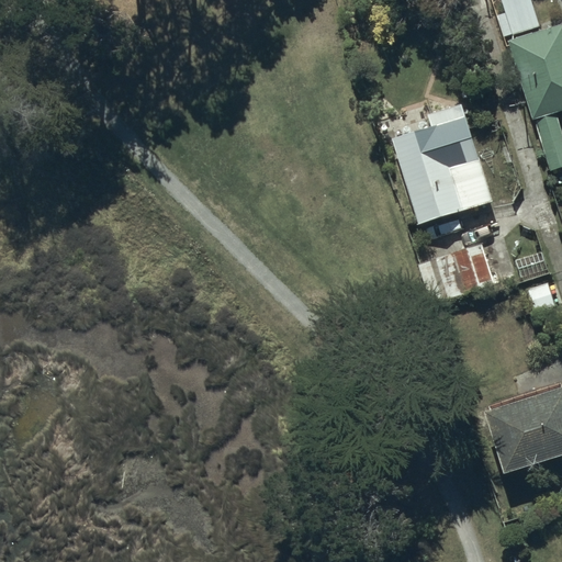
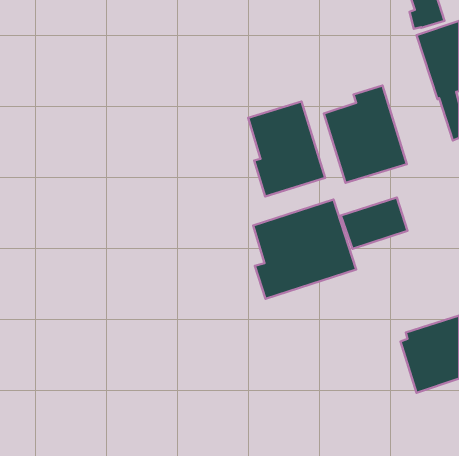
building: none -> [248,101,325,197]
building: none -> [253,200,356,299]

